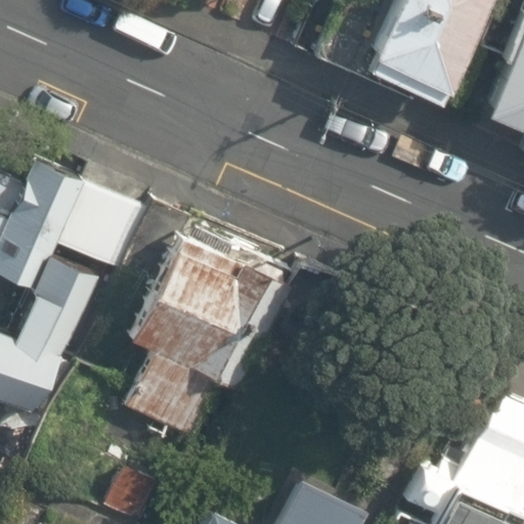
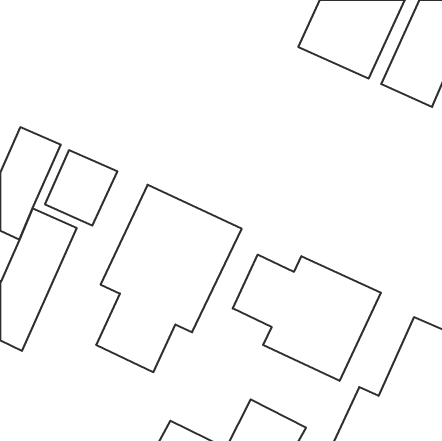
building: none -> [233,255,381,381]

